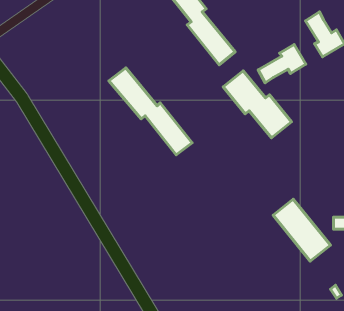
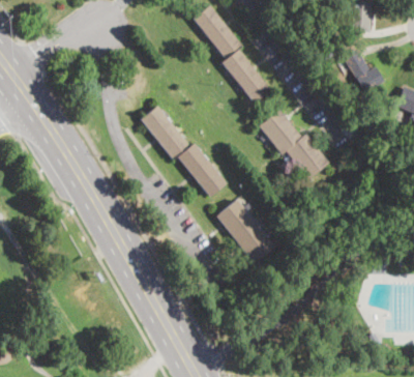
building: [258,45,306,83] -> none
building: [273,199,330,261] -> [215,199,274,263]

